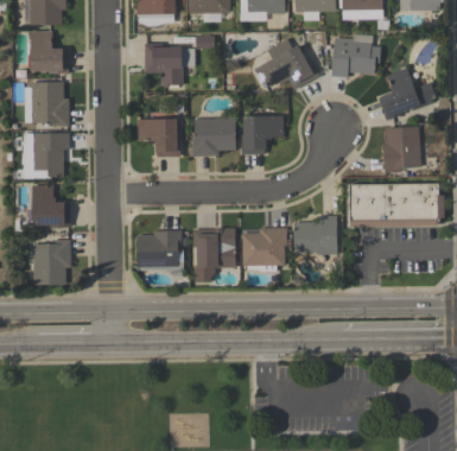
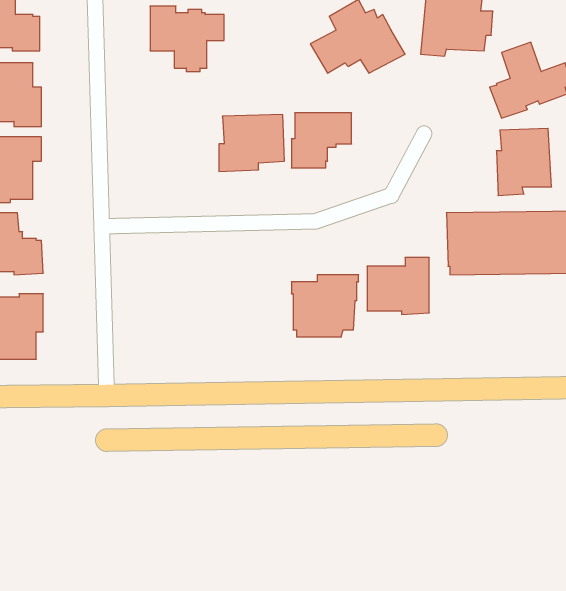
building: [137,119,179,155] -> none
building: [192,227,235,281] -> none
building: [137,230,183,277] -> none

